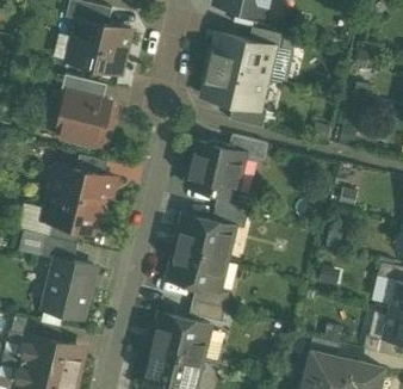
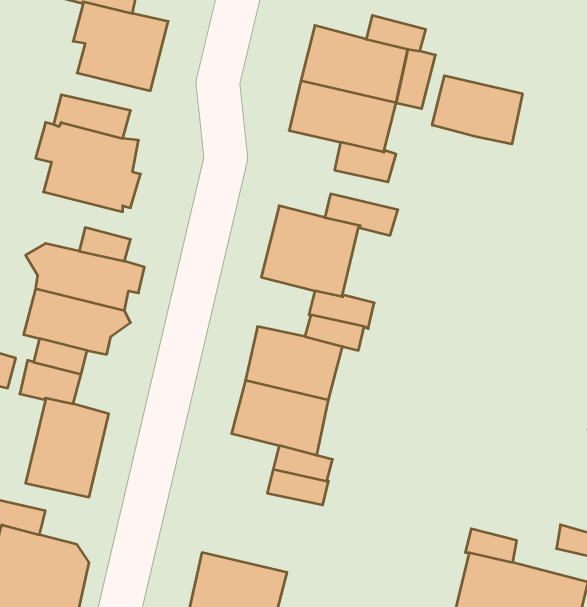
building: none -> [432,76,522,144]
building: [150,313,211,363] -> none

